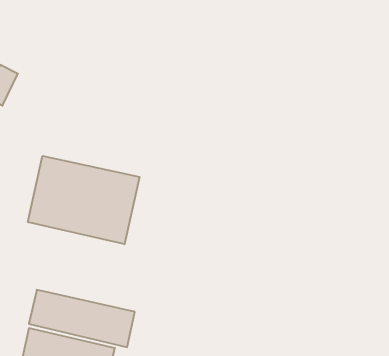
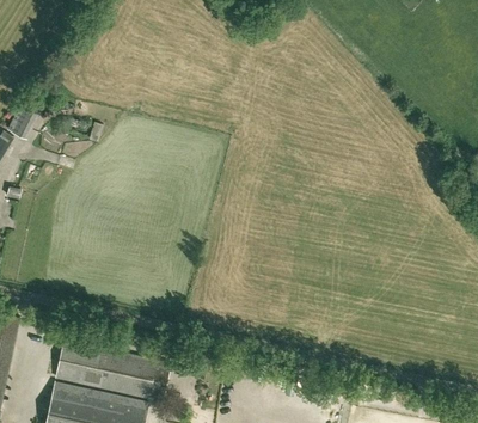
building: [28,156,140,244] -> none

